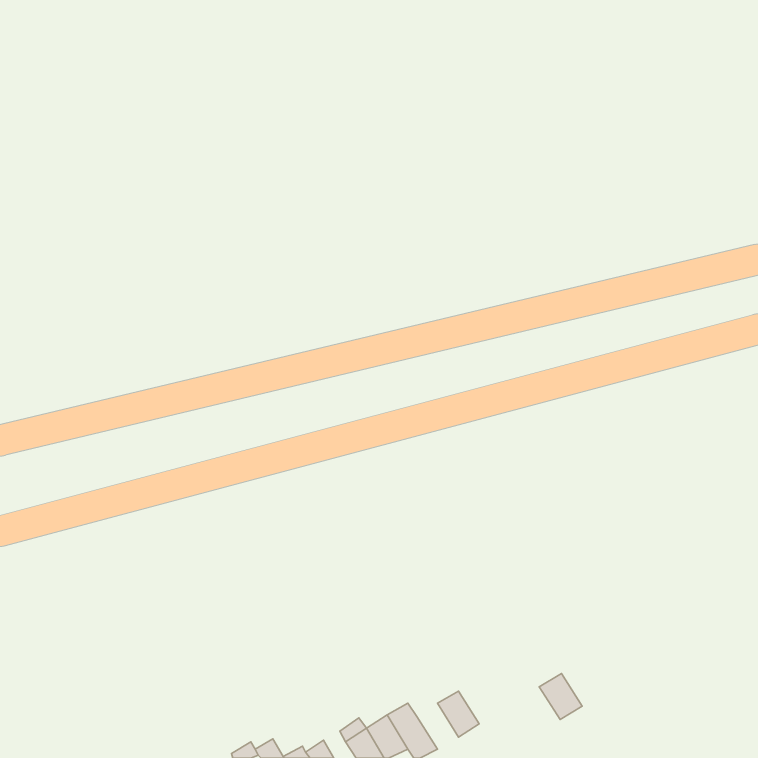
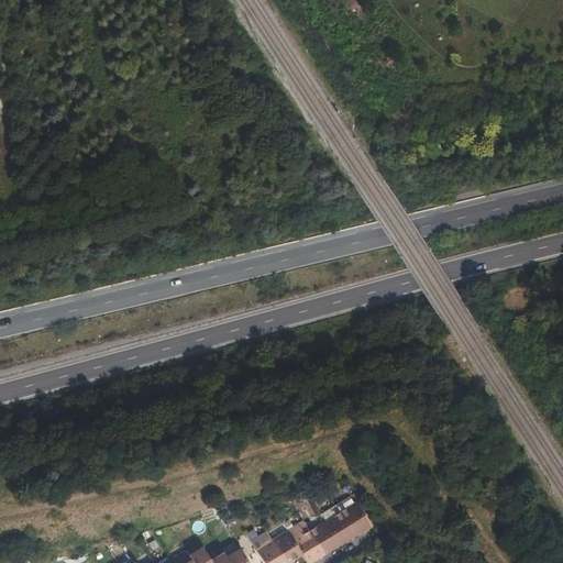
building: [539,673,582,719] -> [340,503,372,537]
building: none -> [309,521,340,555]

